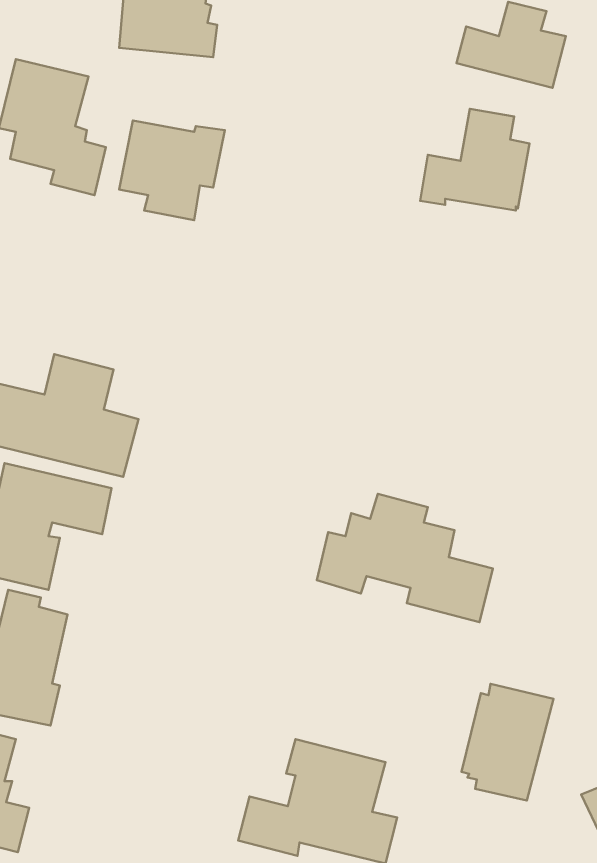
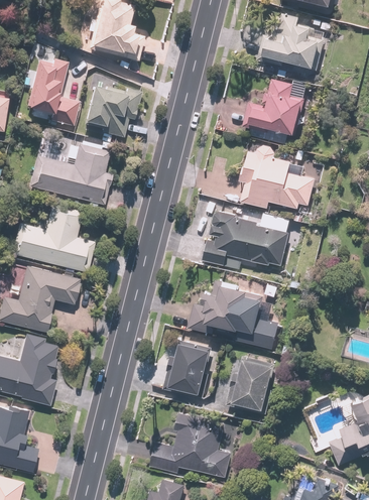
building: none -> [29,145,111,205]
building: none -> [240,151,317,210]
building: none -> [202,210,292,269]
building: none -> [164,340,212,395]
building: [462,684,554,800] -> [228,354,276,415]

